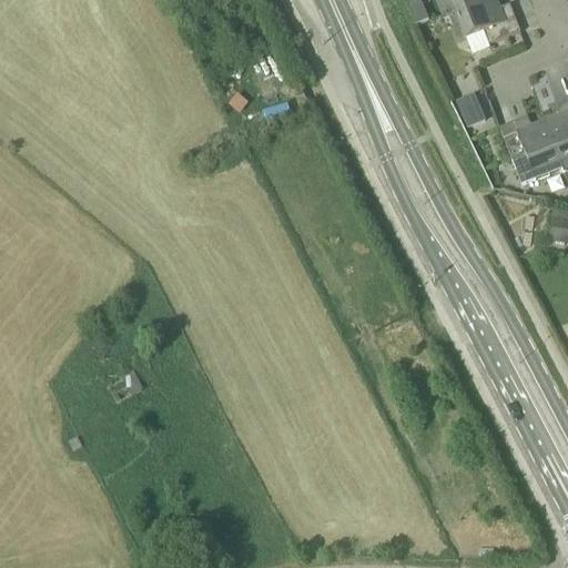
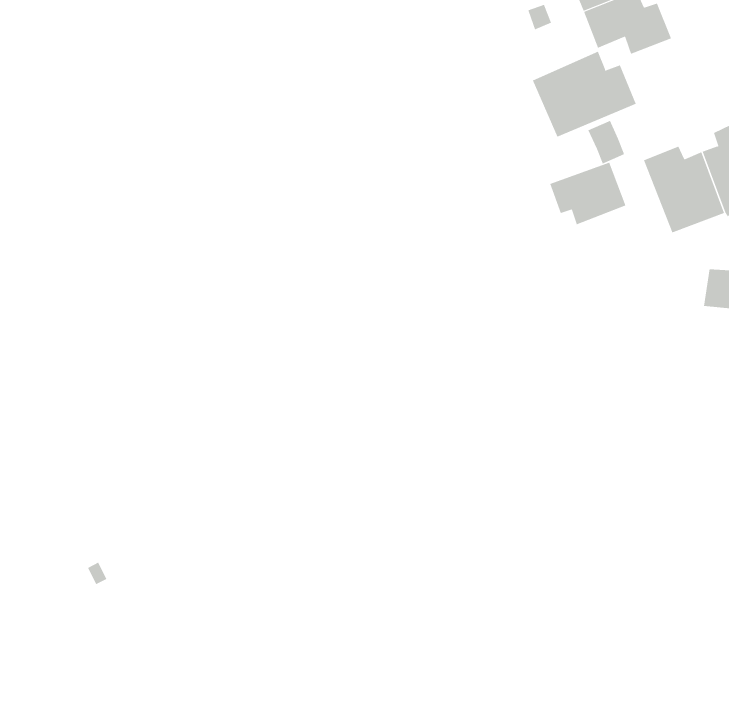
building: none -> [532,51,637,138]
building: none -> [550,162,626,225]

